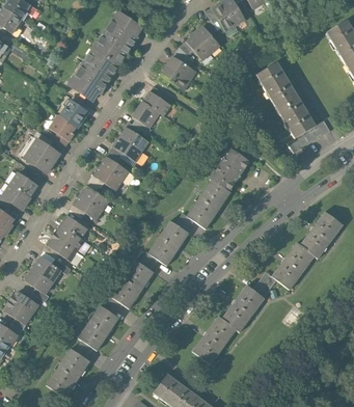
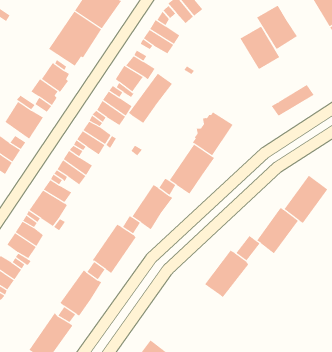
building: [275,93,317,138] -> [256,5,298,50]
building: none -> [128,73,173,124]
building: [191,317,236,365] -> none

